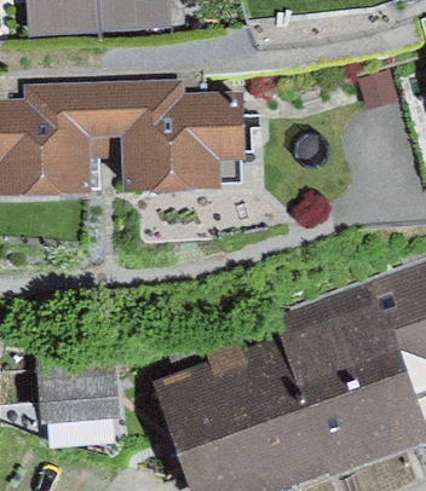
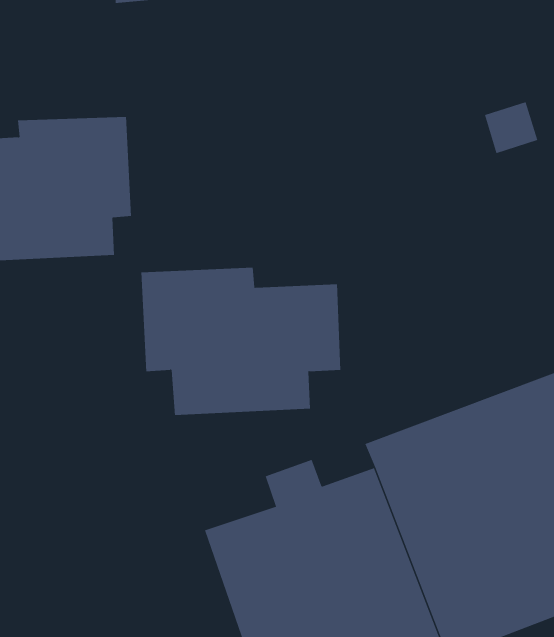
building: [100,83,244,190] -> [140,267,341,416]
building: [36,353,117,418] -> none

